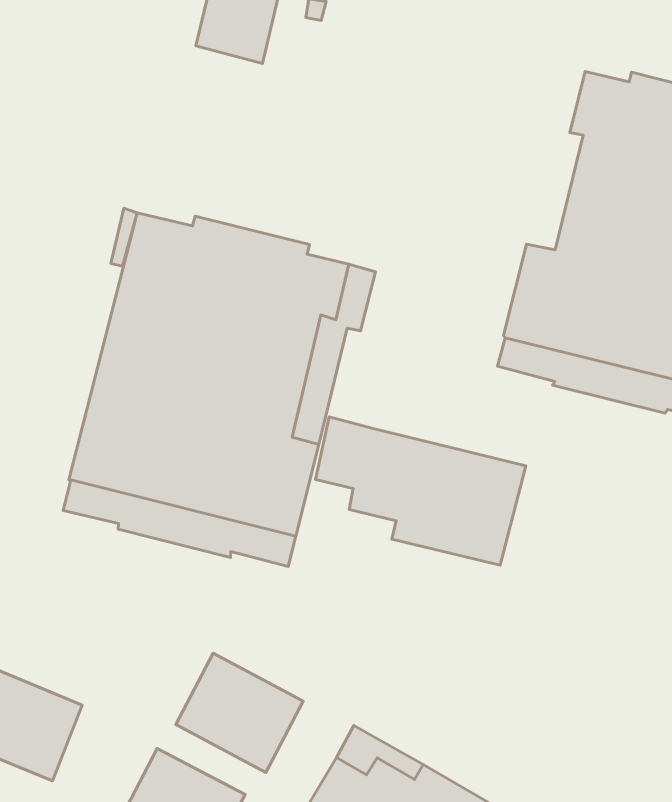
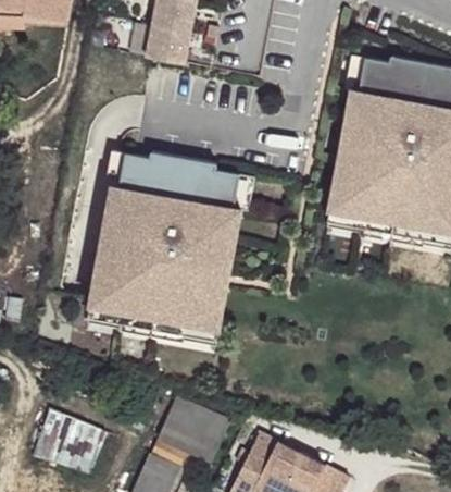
building: none -> [339,52,367,157]
building: [315,417,526,565] -> none

